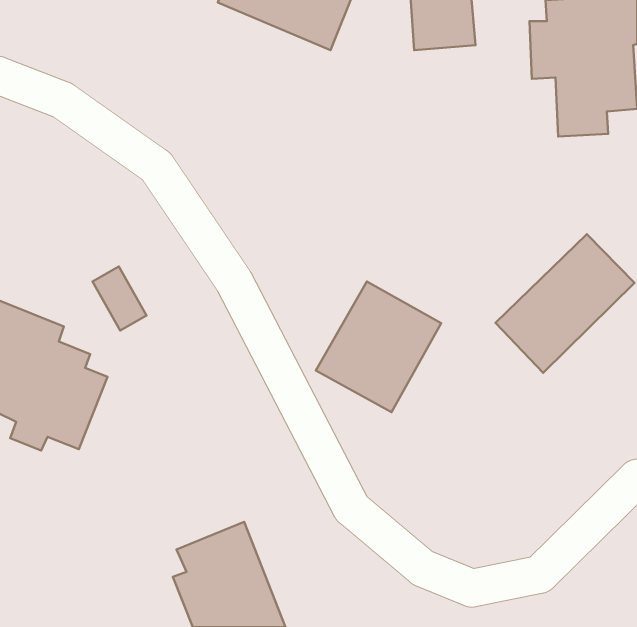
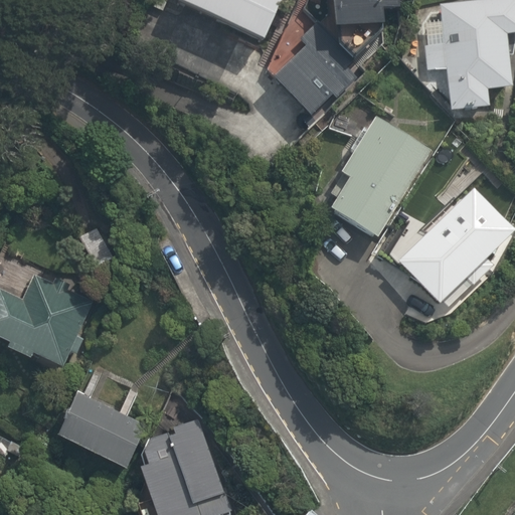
building: none -> [271,27,342,107]
building: none -> [333,113,436,239]
building: [316,281,441,412] -> none
building: none -> [61,397,146,471]

